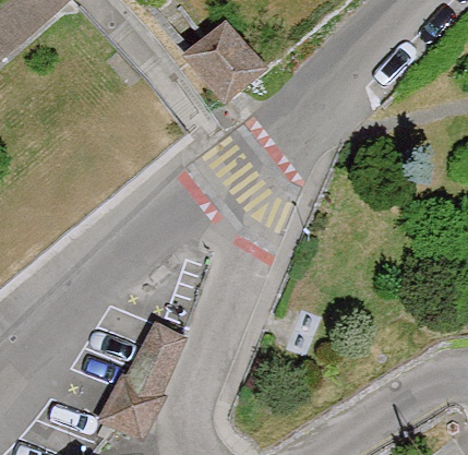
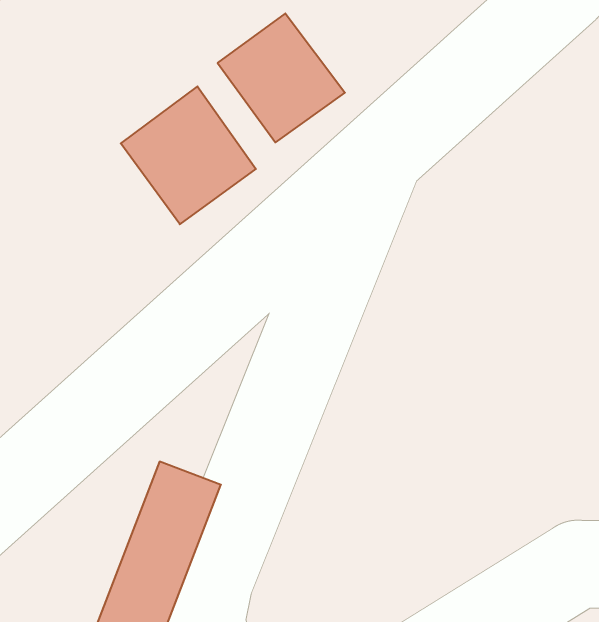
building: none -> [121,86,256,224]

